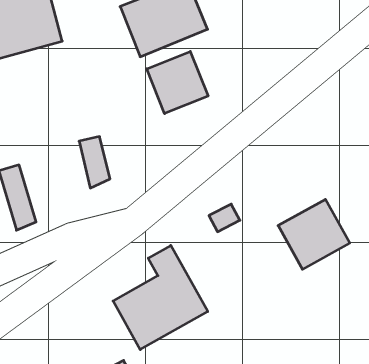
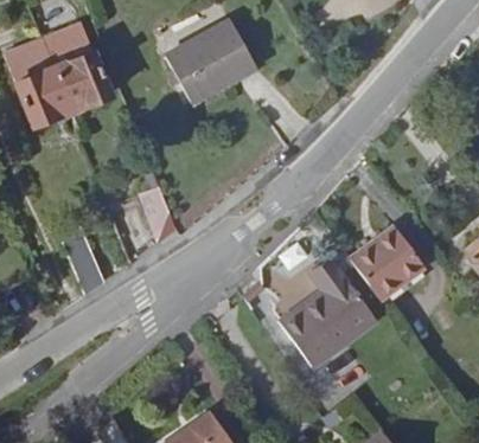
building: [147,51,208,114] -> none
building: [113,245,208,350] -> [280,258,377,367]

